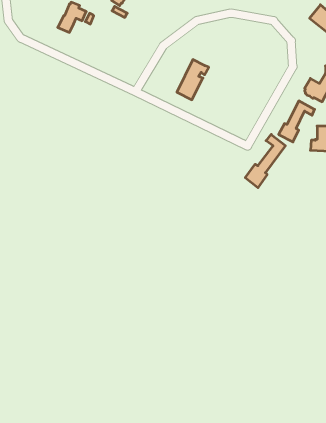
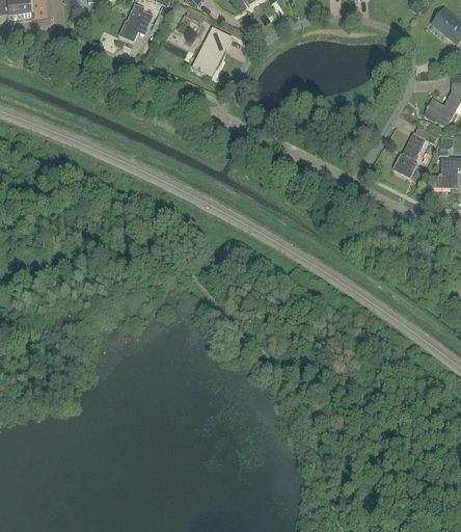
building: [177,60,209,100] -> [192,27,232,77]
building: [245,134,285,188] -> none

